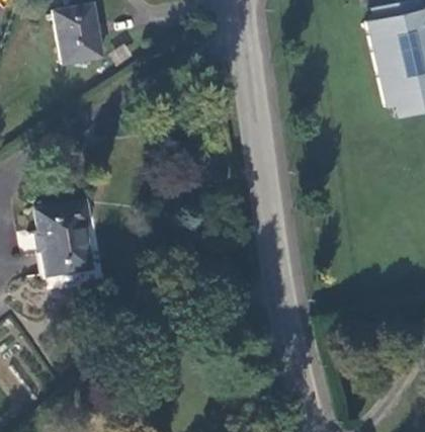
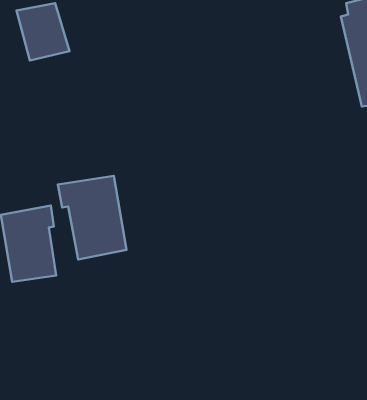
building: none -> [58,176,127,259]

